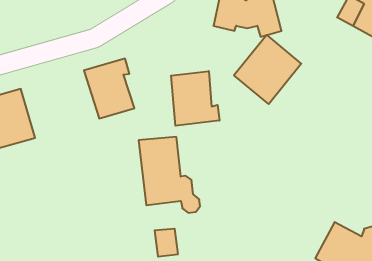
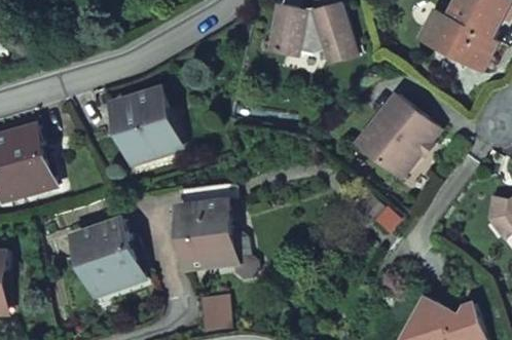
building: [234,35,301,104] -> [356,95,438,179]
building: [171,71,219,126] -> none
building: none -> [73,221,142,294]

